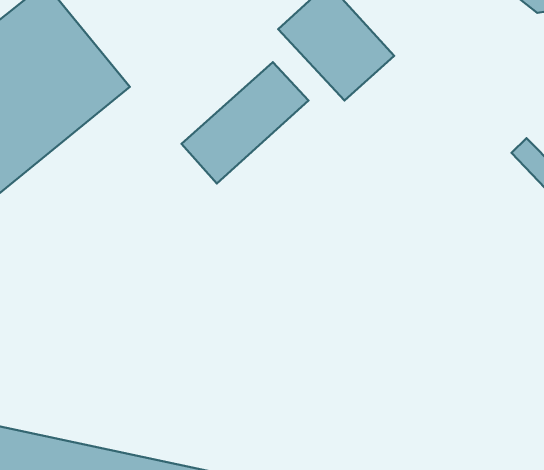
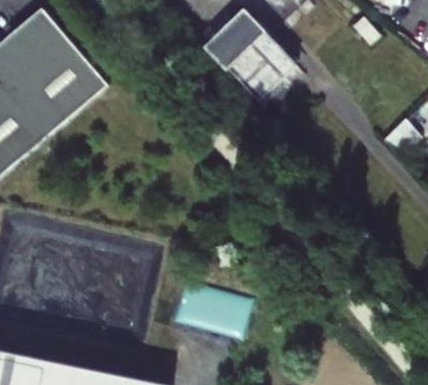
building: [181,62,309,184] -> none

